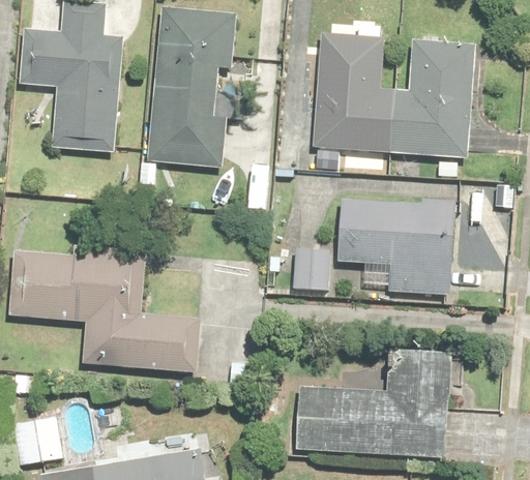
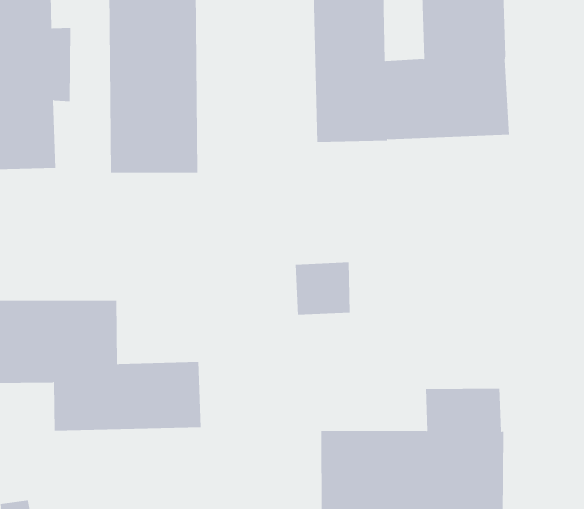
building: [323,208,446,301] -> none

